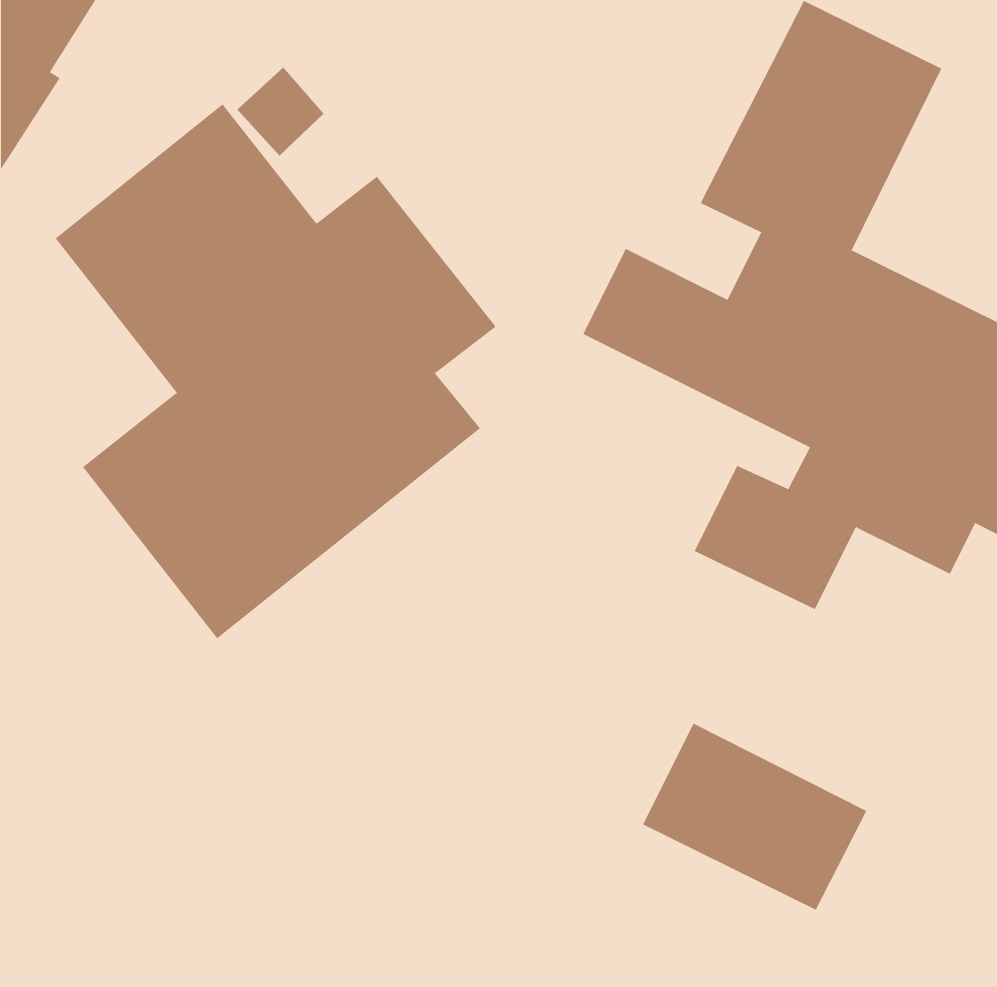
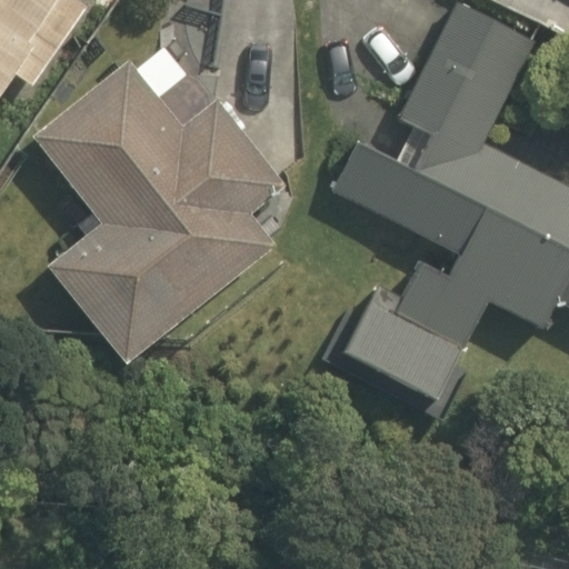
building: [642,723,867,910] -> [336,299,463,406]

